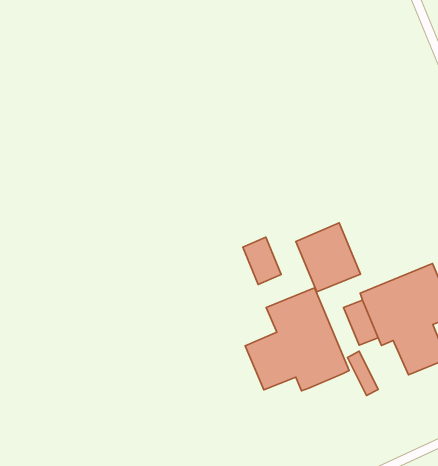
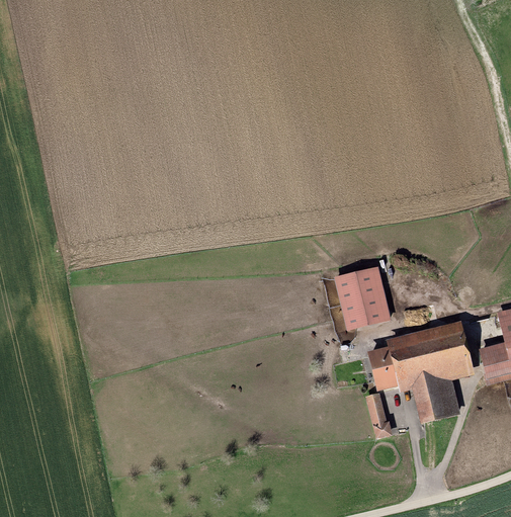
building: [243,237,281,285] -> none
building: [245,288,349,391] -> none

